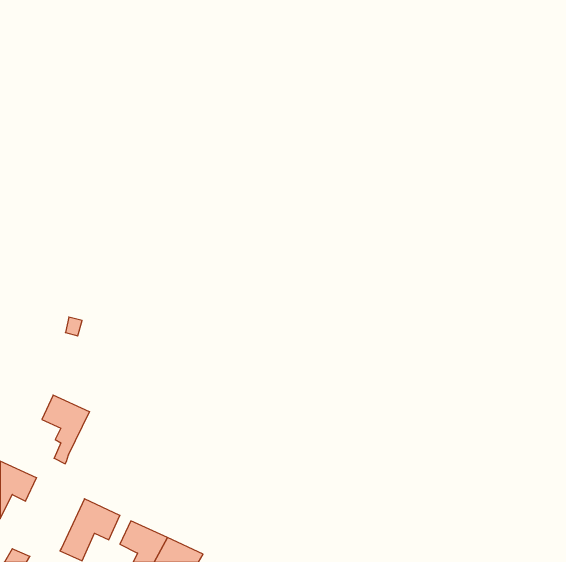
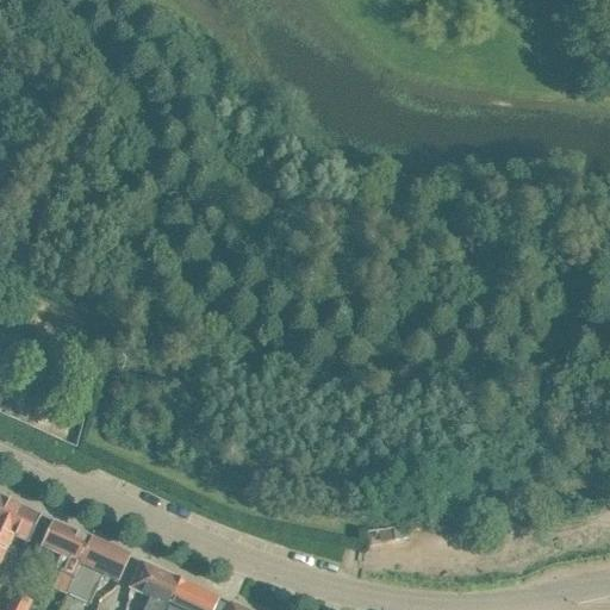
building: [42,395,90,464] -> [41,518,92,592]

